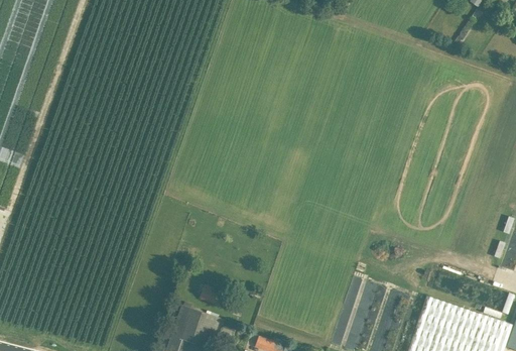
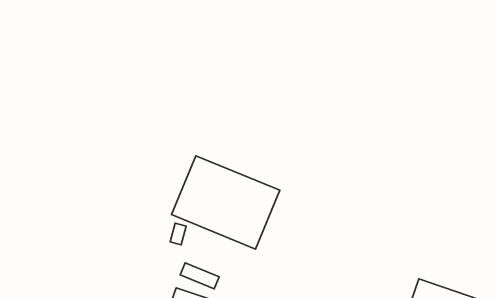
building: none -> [172,156,280,249]

